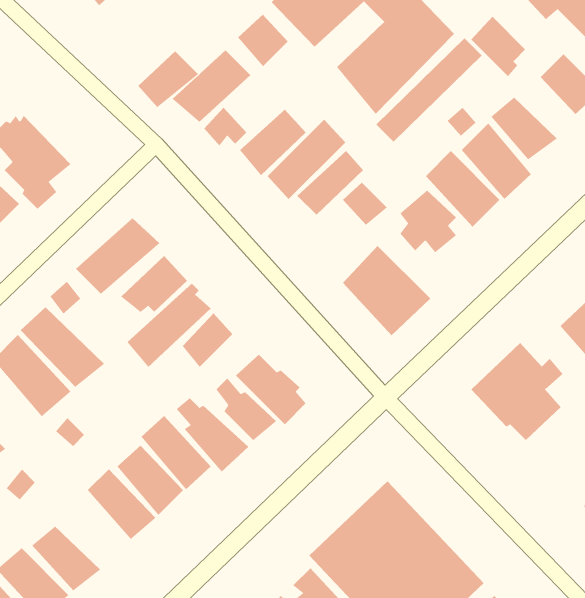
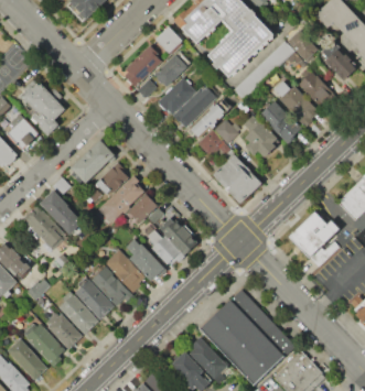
building: [138,50,199,108] -> [157,55,191,87]
building: none -> [196,131,232,160]
building: none -> [56,294,97,335]

